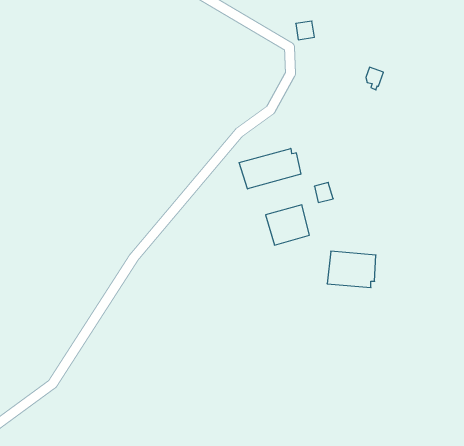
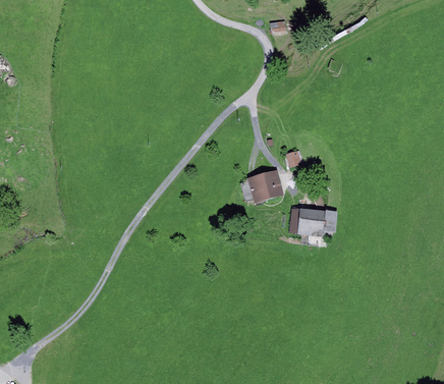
building: [239,148,301,189] -> none

